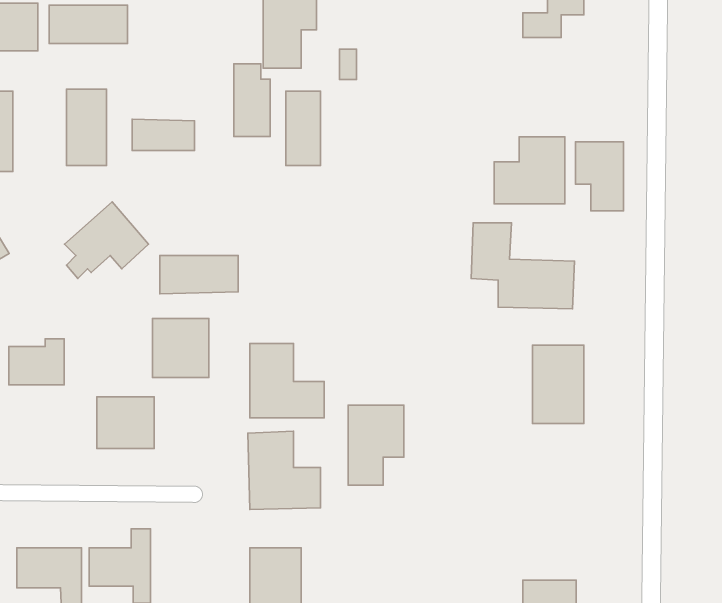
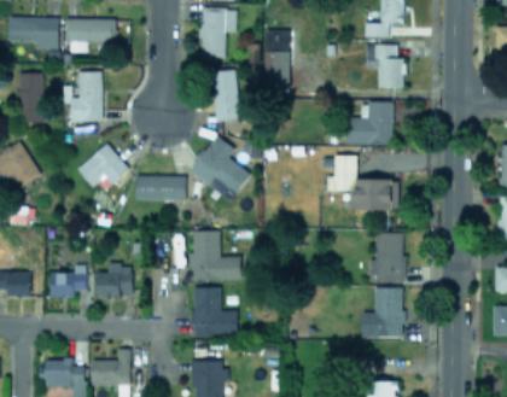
building: [234,64,270,136] -> [264,41,287,87]
building: [132,119,194,151] -> none
building: [576,142,623,211] -> [367,45,397,88]
building: none -> [188,134,241,194]
building: [153,318,209,378] -> none
building: [9,339,64,385] -> [49,267,84,296]
building: [348,405,404,485] -> none
building: none -> [371,288,403,337]

